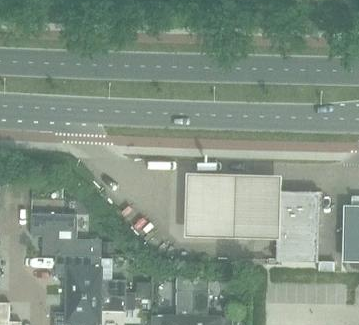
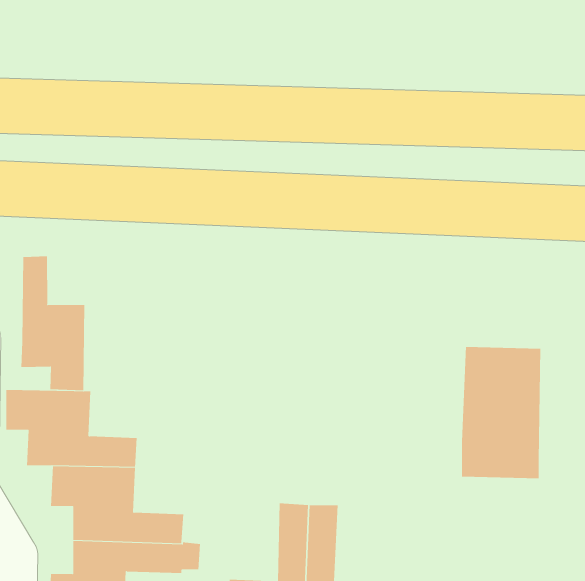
building: none -> [21,255,85,391]
building: [181,177,278,241] -> none

